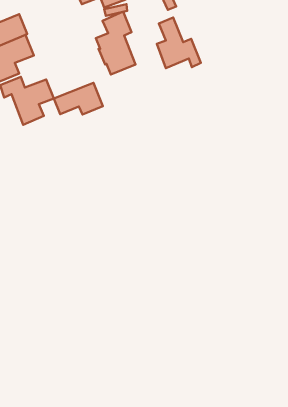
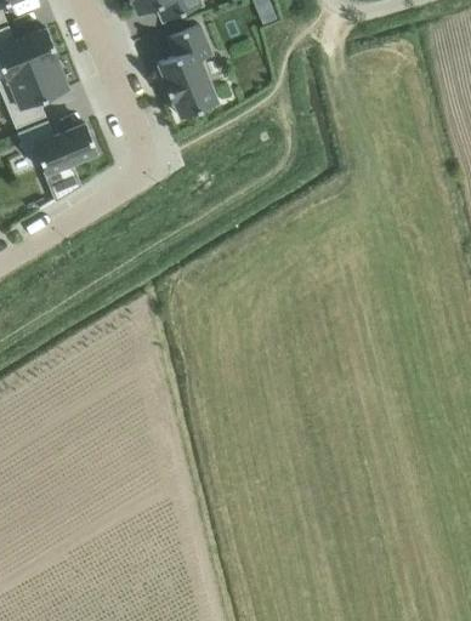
building: [157,18,201,68] -> none
building: [54,83,103,114] -> none

